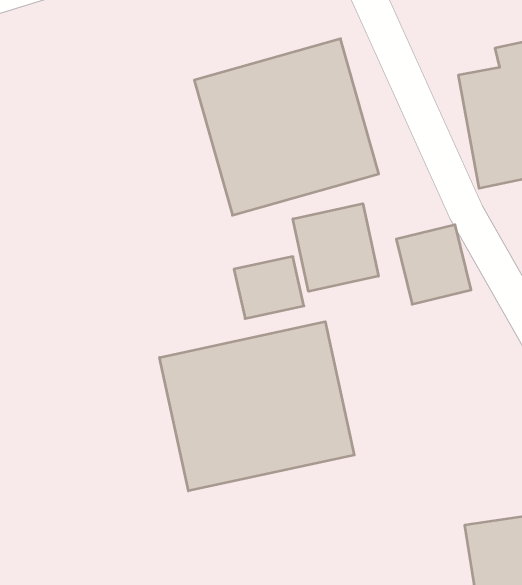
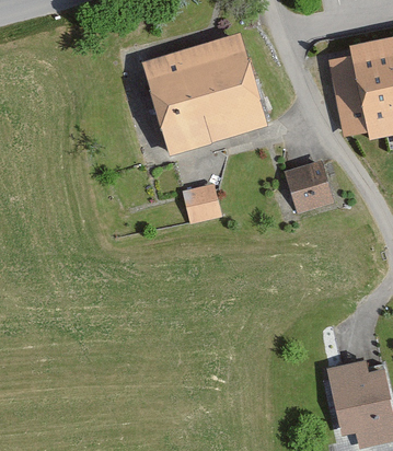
building: [293,204,378,291] -> none
building: [160,322,354,491] -> none

